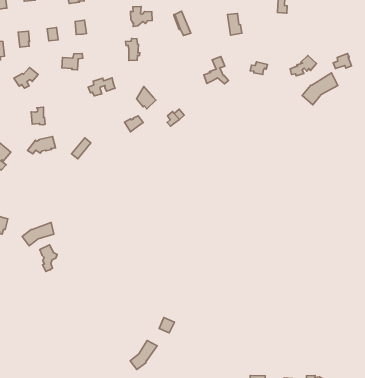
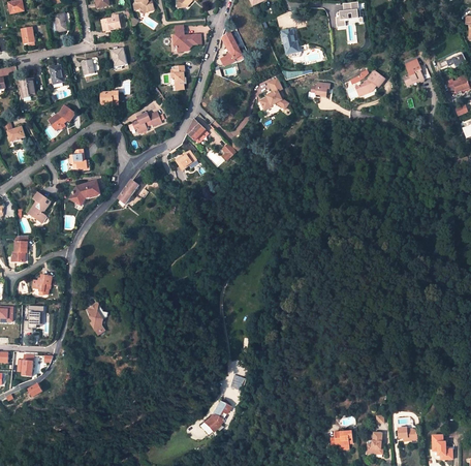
building: [302,73,338,105] -> none
building: [22,223,54,246] -> none

